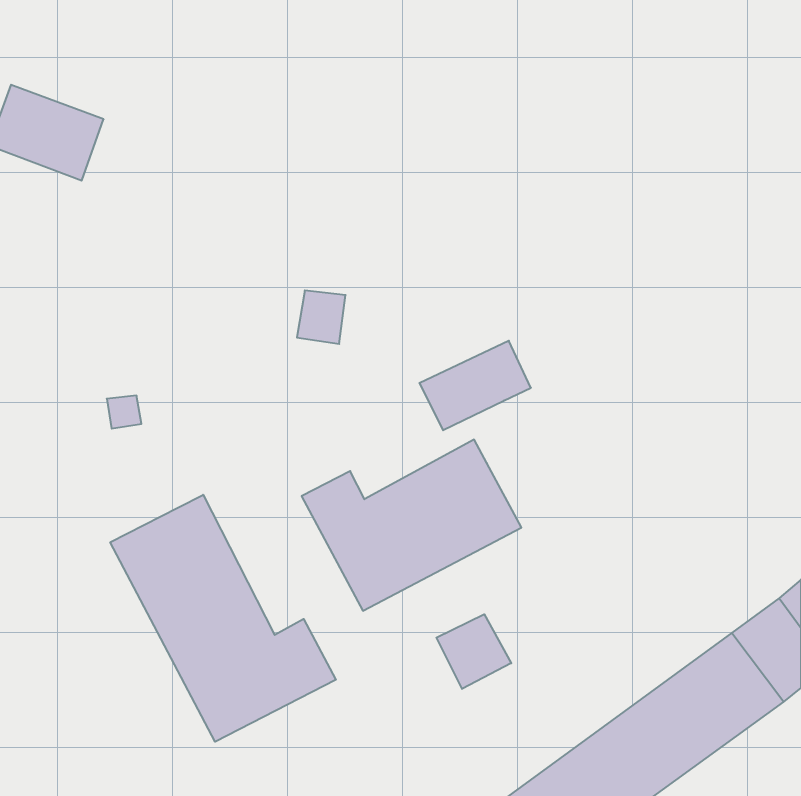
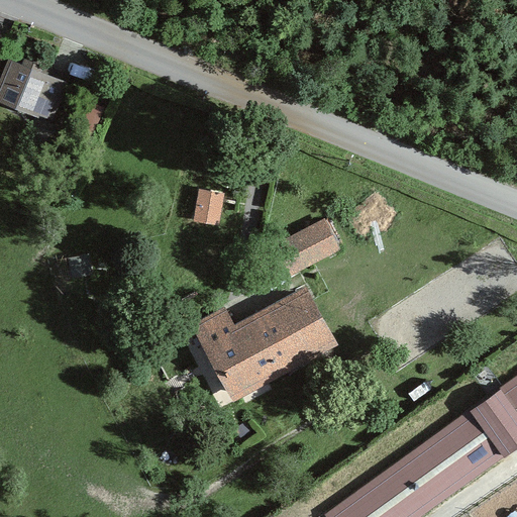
building: [110,495,336,742] -> none
building: [436,614,511,689] -> none

